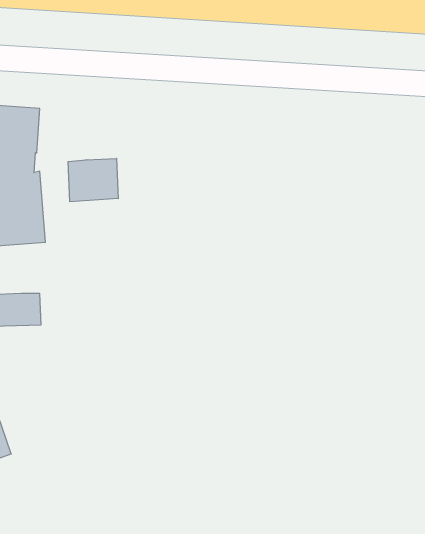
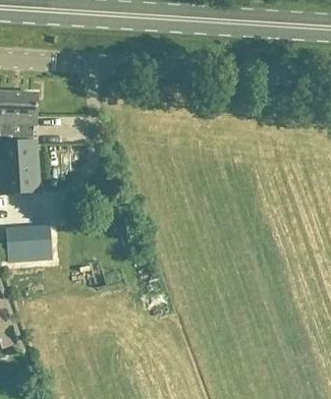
building: [68,158,118,202] -> none

